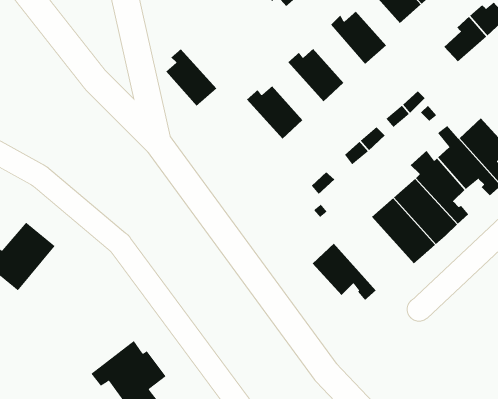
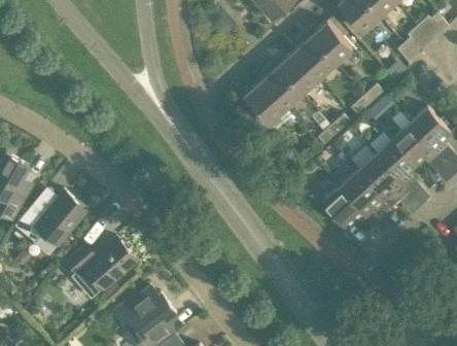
building: none -> [293,33,335,79]
building: [165,49,217,106] -> [260,63,302,109]
building: [312,243,376,301] -> [322,186,374,233]
building: none -> [66,238,136,298]

